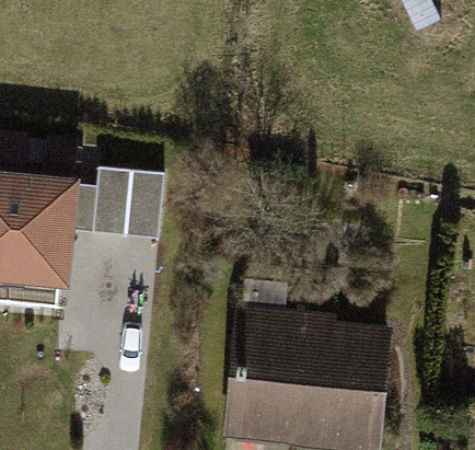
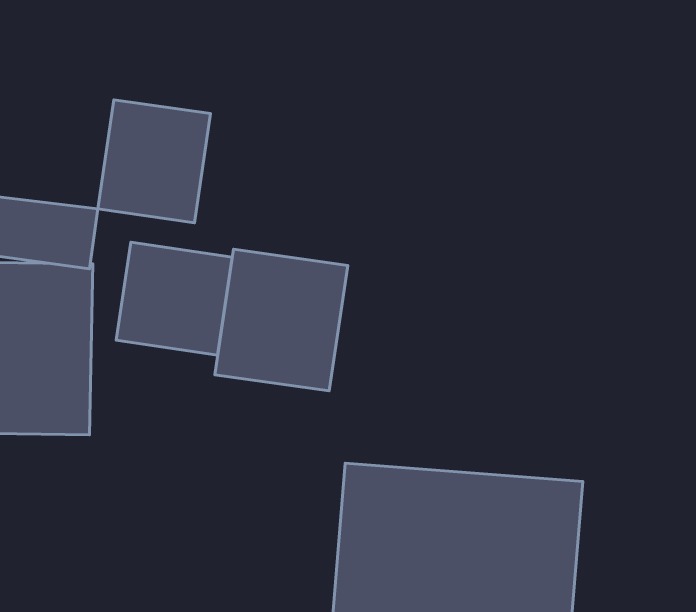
building: none -> [98,100,210,223]
building: none -> [215,249,348,391]

